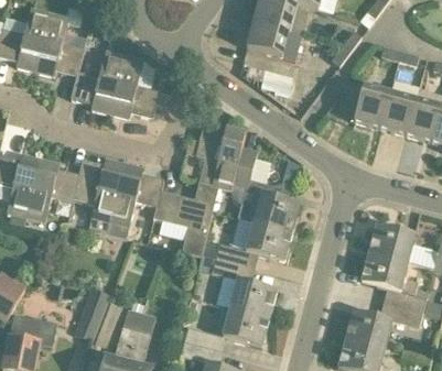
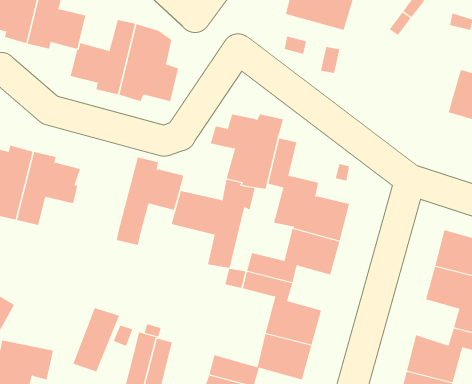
building: [353,85,389,127] -> none
building: [74,159,125,221] -> none

